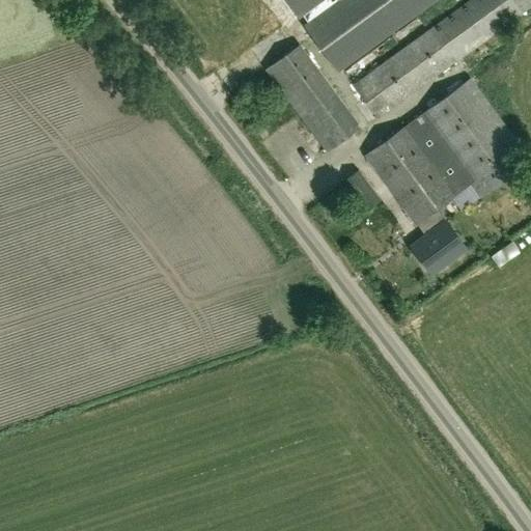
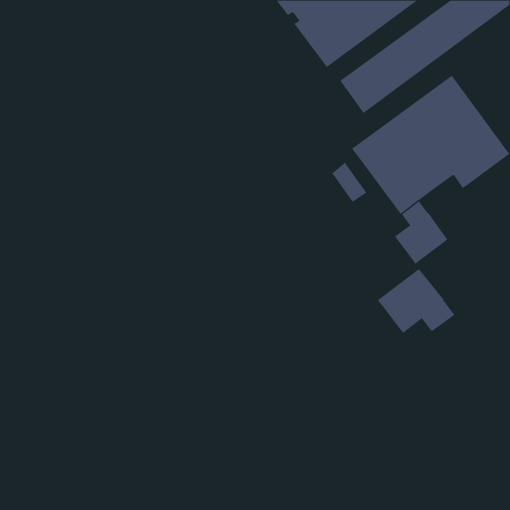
building: [264,44,358,152] -> none
building: none -> [377,268,455,334]

